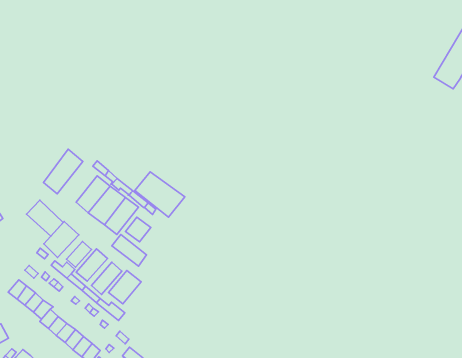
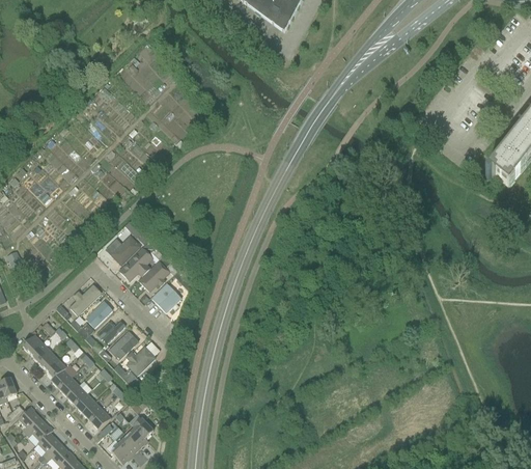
building: [43,149,83,194] -> none
building: [135,172,185,217] -> none
building: [26,200,63,236] -> none
building: [112,234,146,266] -> none

